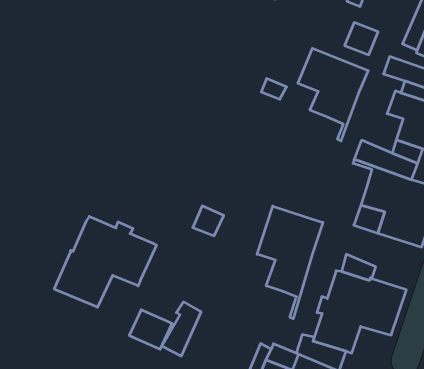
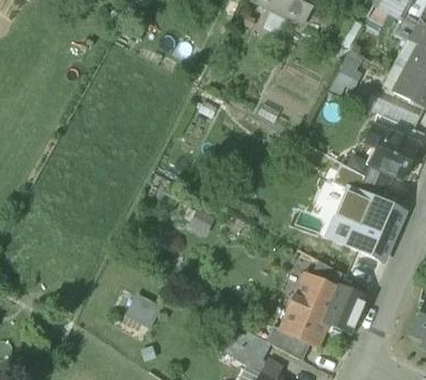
building: [298,48,368,141] -> none
building: [257,206,323,319] -> none
building: [54,216,156,307] -> none
building: [162,302,201,356] -> none

